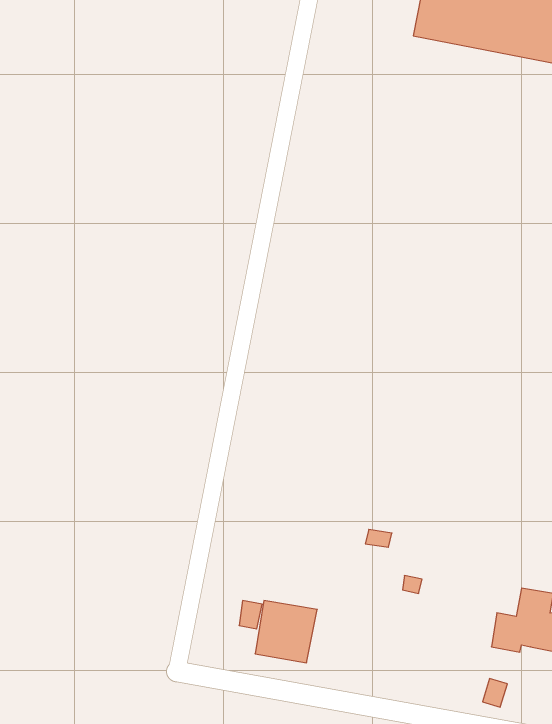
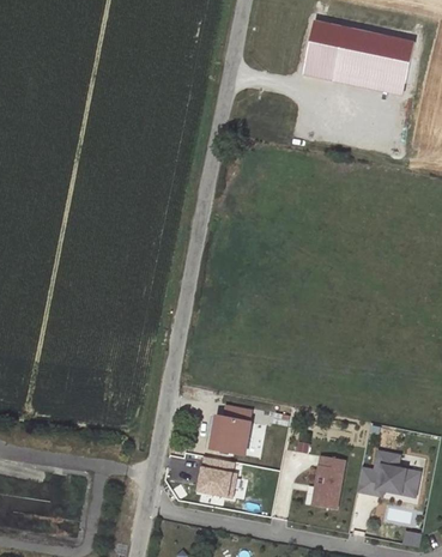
building: none -> [217,414,250,452]
building: none -> [314,456,344,508]

